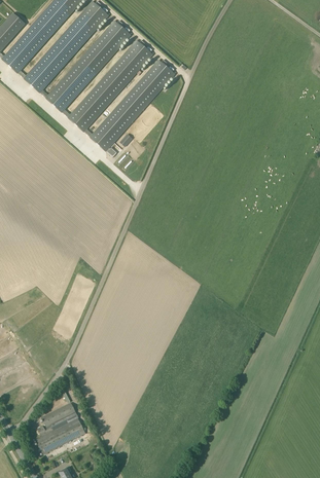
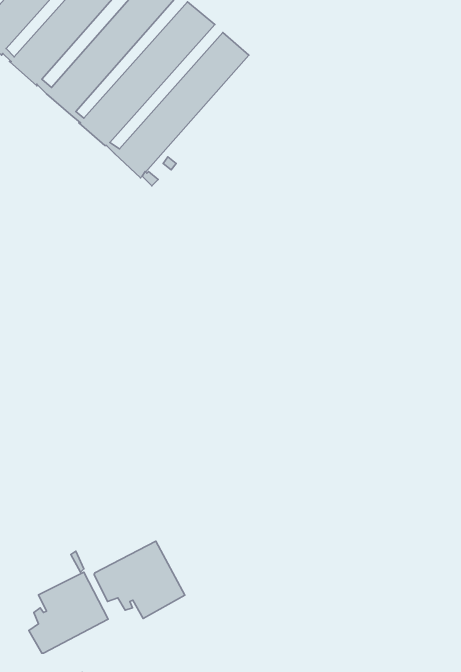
building: none -> [94,541,185,619]

